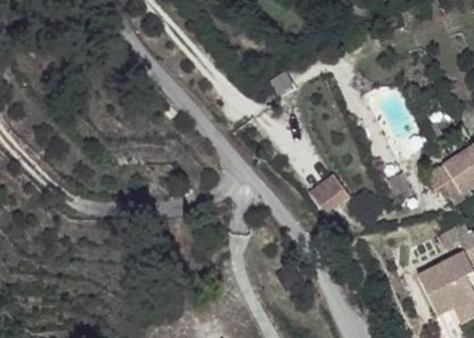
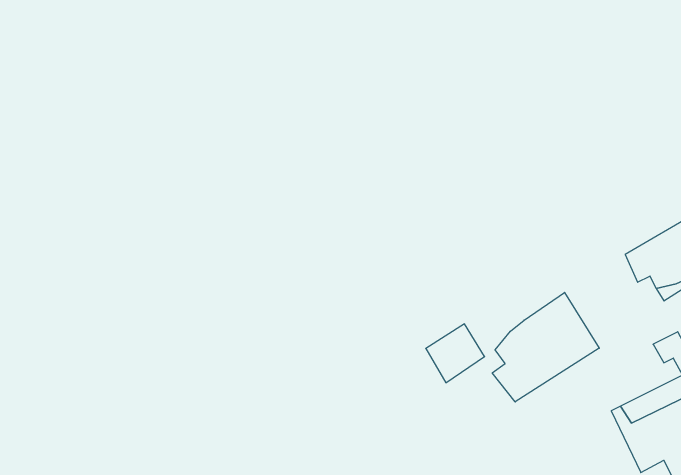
building: [310,174,348,212] -> [426,324,485,383]
building: none -> [492,292,599,402]

